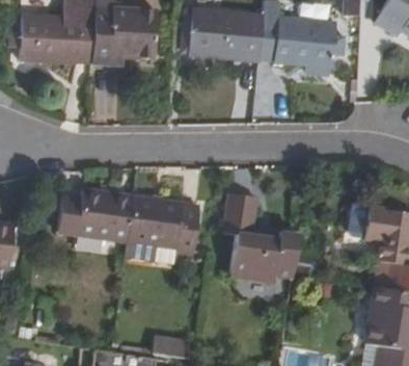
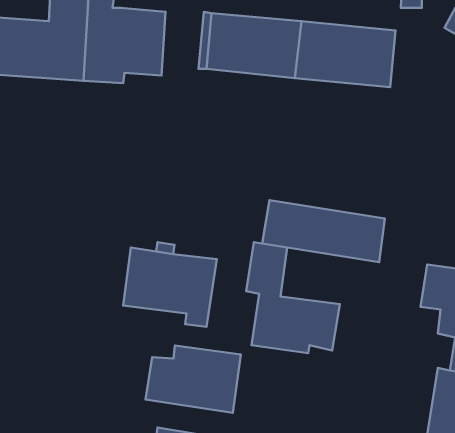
building: none -> [262,200,385,262]
building: [57,188,132,241] -> [146,345,241,413]

